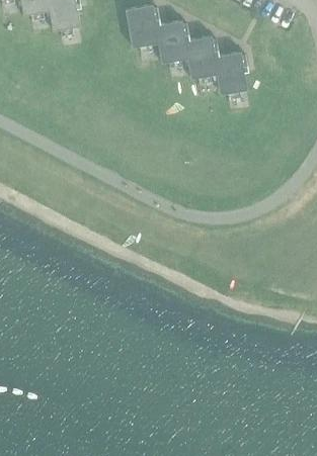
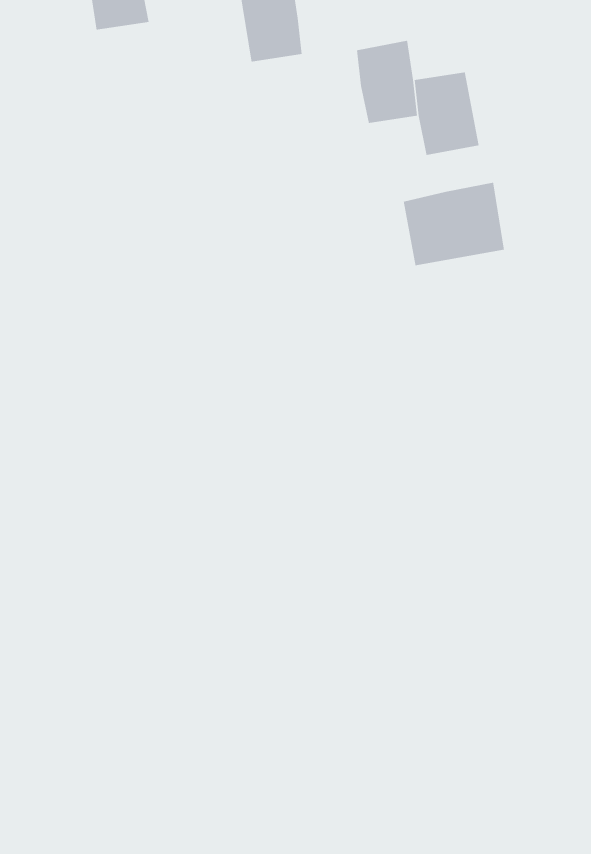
building: [156,18,187,61] -> none
building: none -> [403,182,504,266]

